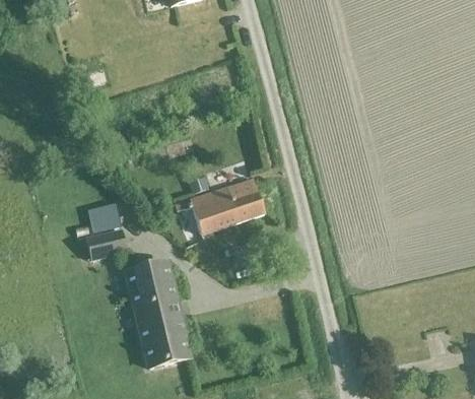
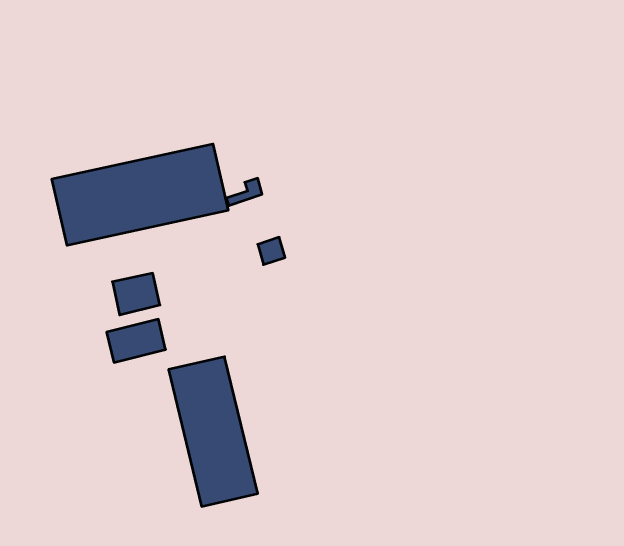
building: none -> [52,144,228,245]
building: [175,179,264,234] -> none

